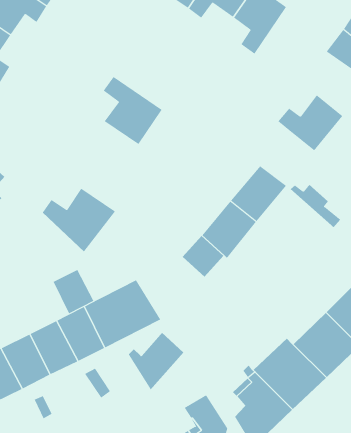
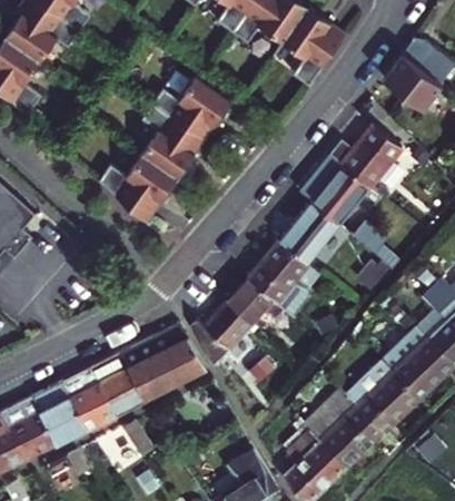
building: none -> [151,80,231,144]
building: none -> [298,156,369,226]
building: [42,188,116,252] -> [99,156,179,226]
building: [53,269,94,314] -> none
building: [128,332,184,390] -> [189,303,250,366]

